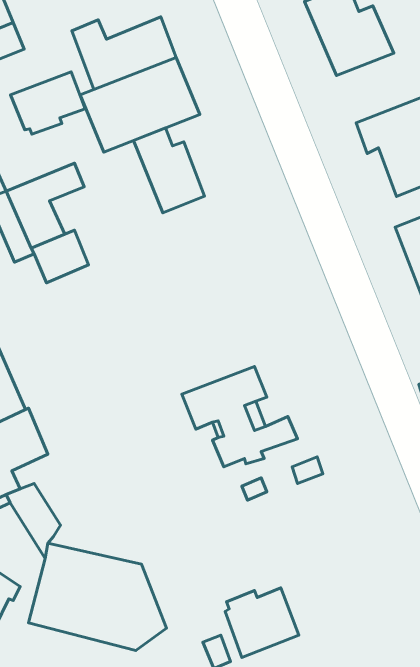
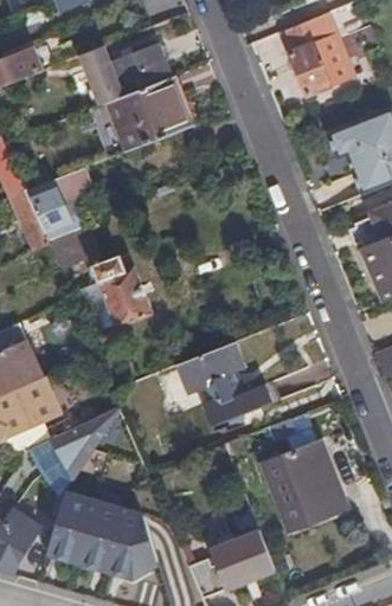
building: [10,72,85,134] -> none
building: [134,128,205,213] -> [94,256,154,328]
building: none -> [50,410,117,476]
building: none -> [264,440,346,528]

